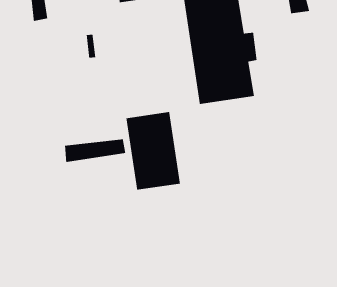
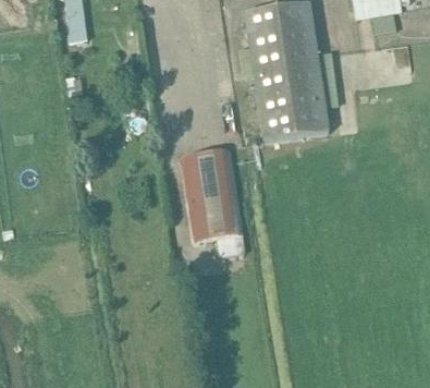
building: [64,139,126,163] -> none

